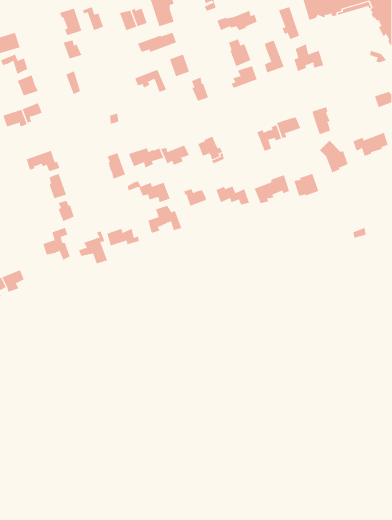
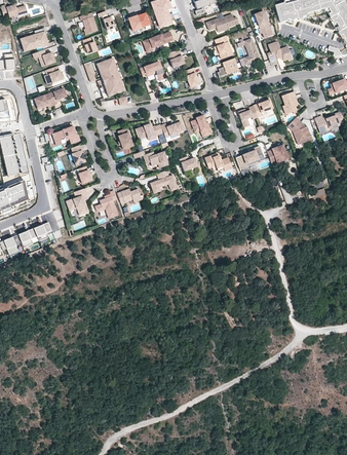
building: none -> [95,58,124,97]

